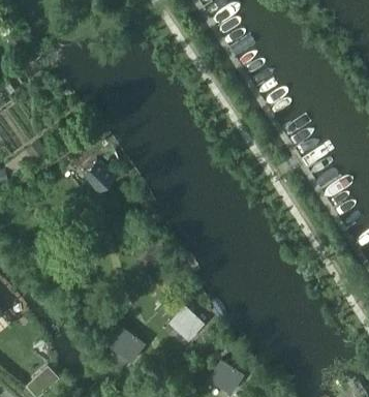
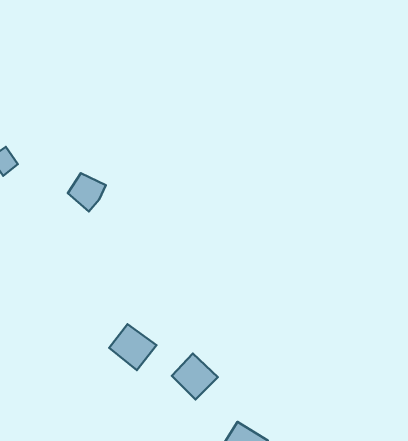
building: [109,328,146,364] -> [109,324,157,370]

